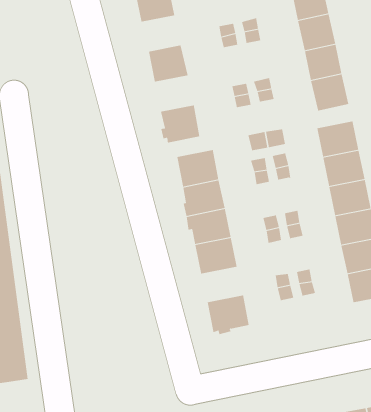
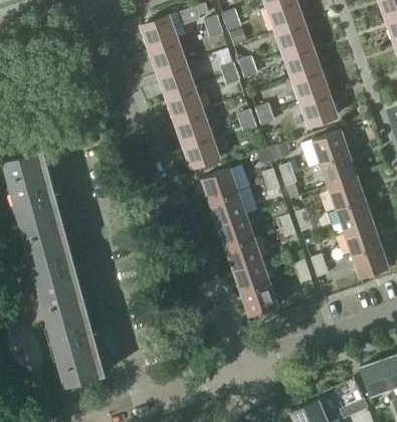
building: none -> [158,63,193,95]
building: none -> [175,111,210,143]
building: none -> [233,260,270,292]

